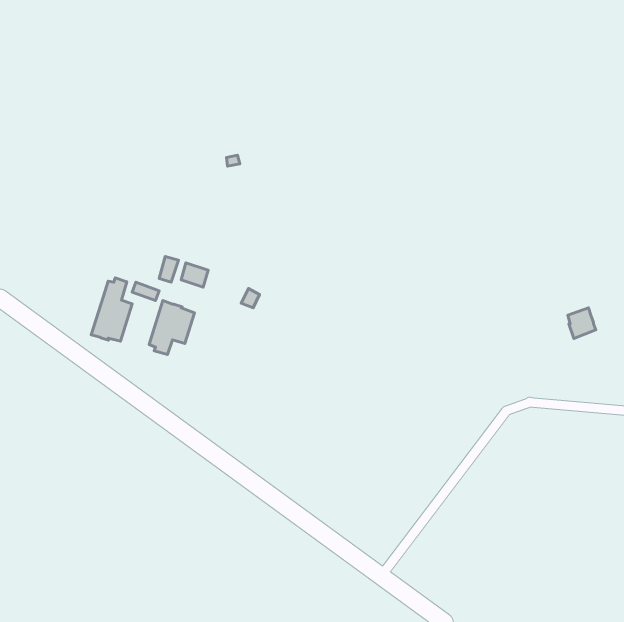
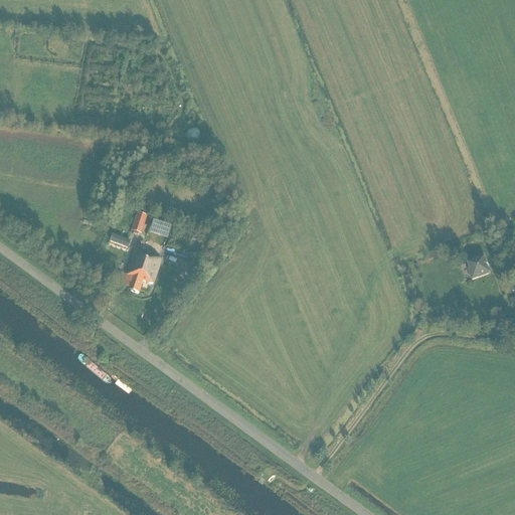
building: [91,278,132,341] -> none

